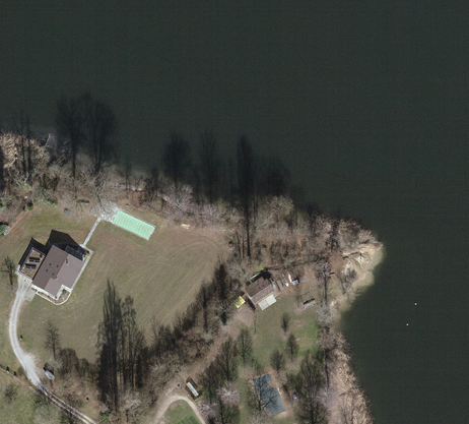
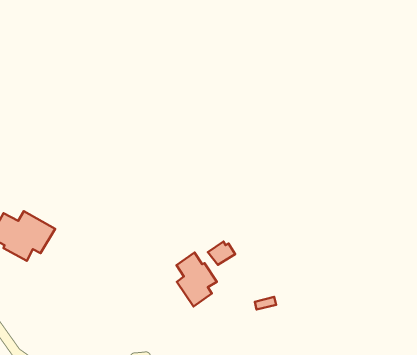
building: none -> [176,253,217,307]

